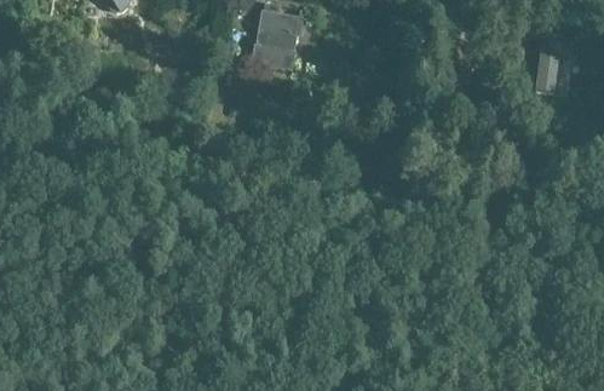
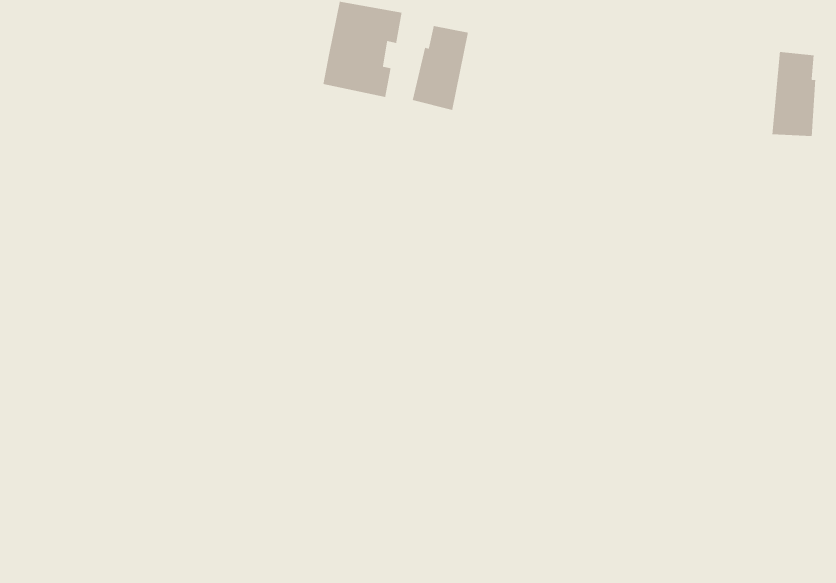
building: none -> [412,25,469,111]

